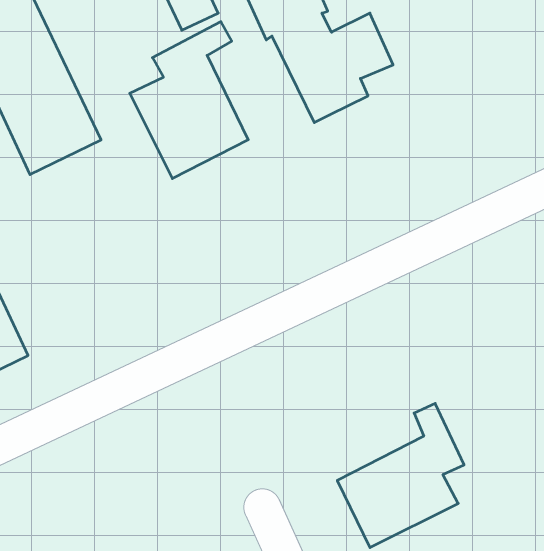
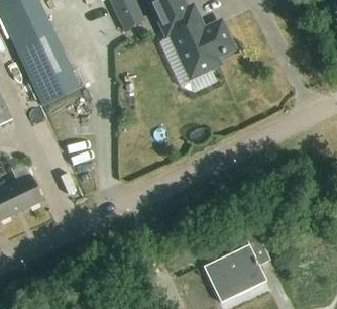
building: [130,22,248,179] -> none

